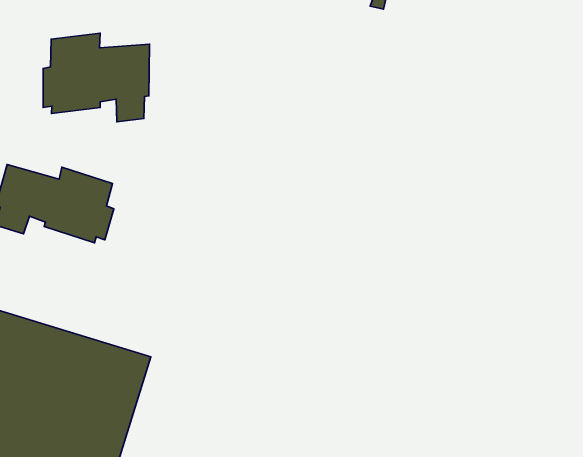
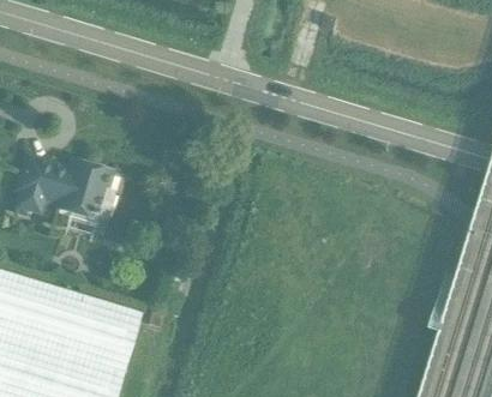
building: [43,33,149,122] -> none

